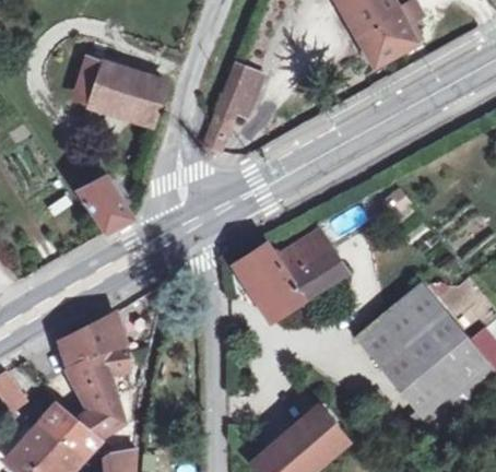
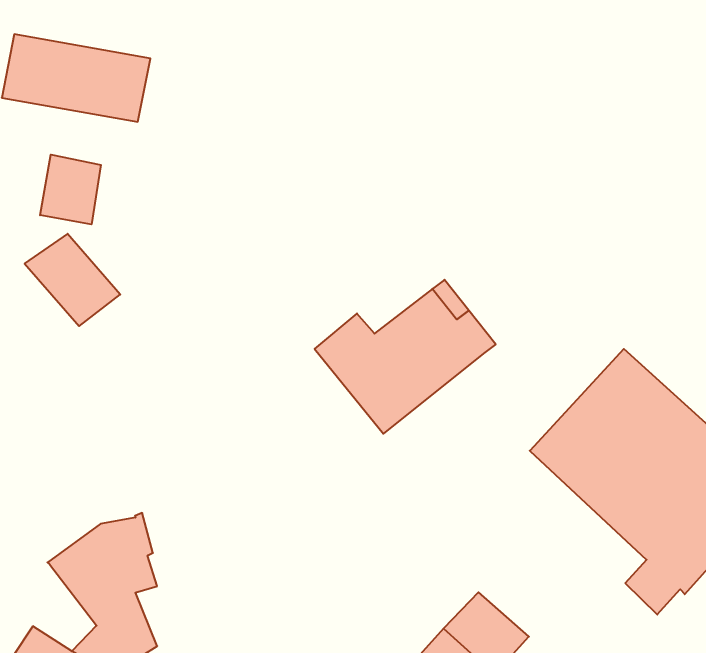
building: [202,61,262,150] -> none
building: none -> [40,155,101,224]
building: [61,315,122,366] -> none

